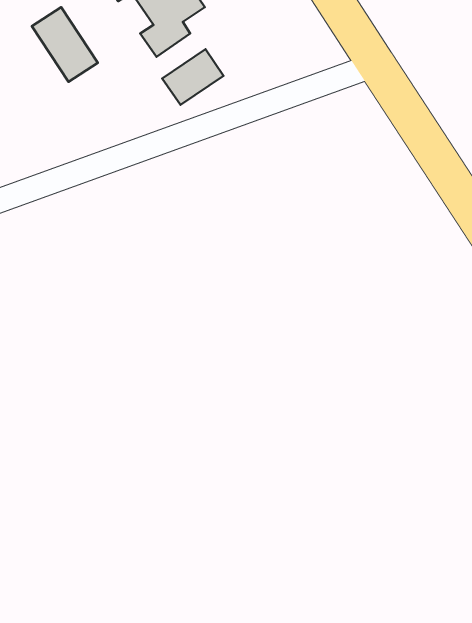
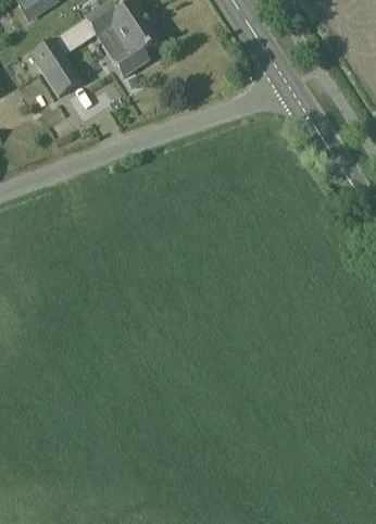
building: [162,49,224,105] -> none

